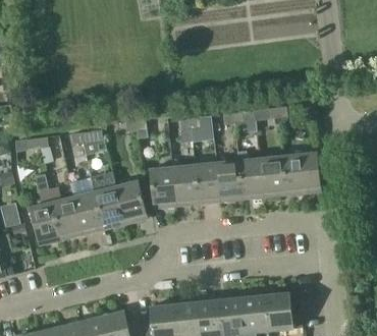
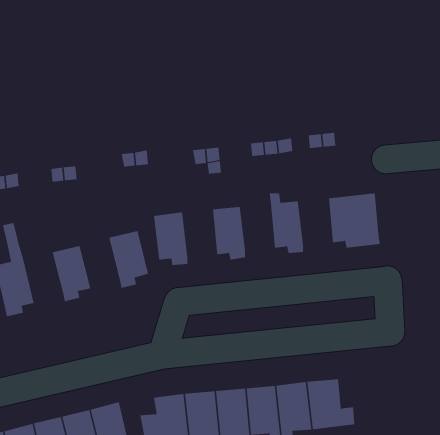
building: [259,156,284,197] -> none
building: [215,160,240,201] -> none
building: [171,164,197,206] -> none
building: [90,171,124,227] -> none
building: [48,188,82,237] -> none

